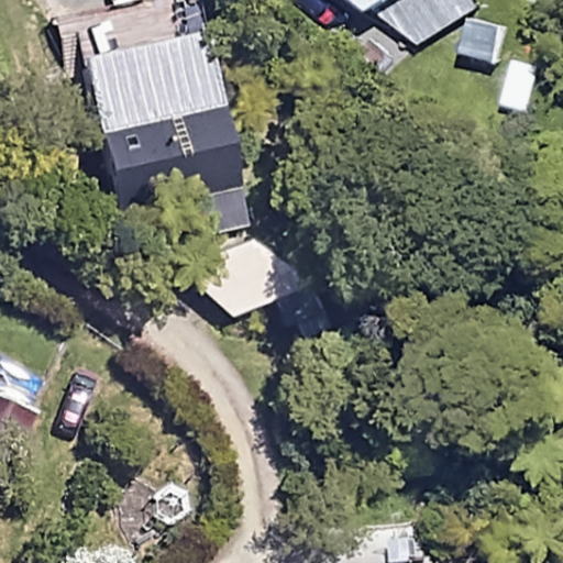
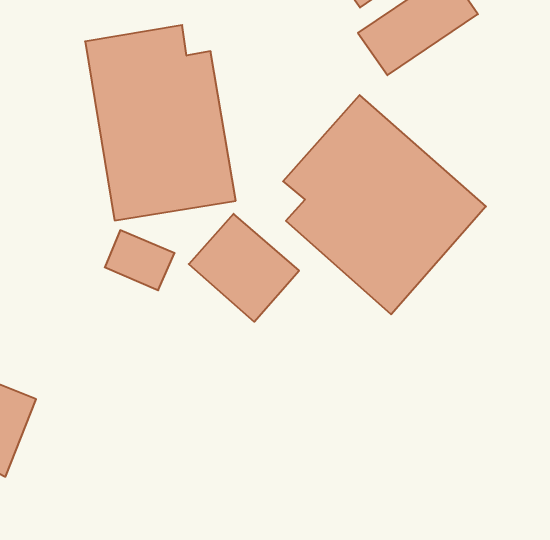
building: none -> [283,95,486,314]

